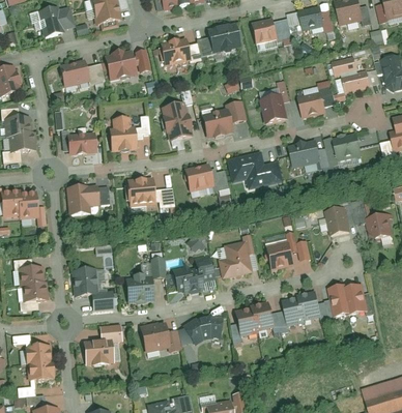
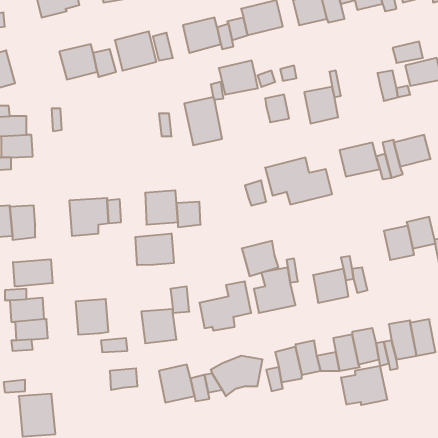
building: [298,91,326,118] -> none
building: [201,109,233,137] -> [219,61,258,95]
building: [109,116,137,151] -> none
building: [67,130,96,154] -> none
building: [183,163,213,191] -> [242,241,278,276]
building: none -> [135,233,174,265]
building: none -> [13,259,53,287]
building: none -> [341,366,387,405]
building: [83,340,113,366] -> none

